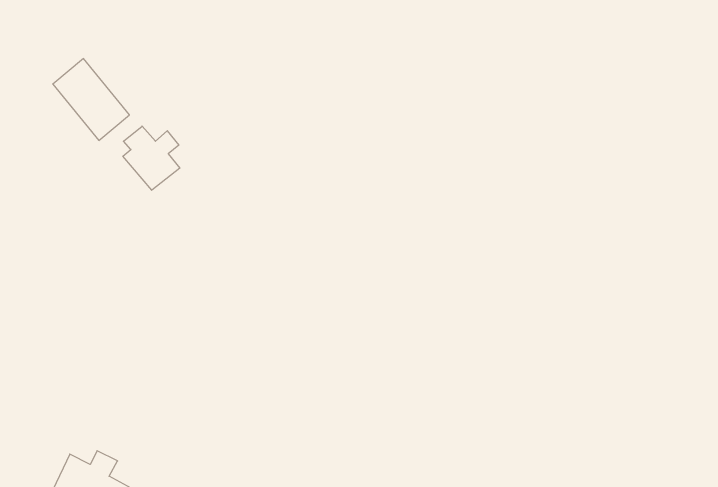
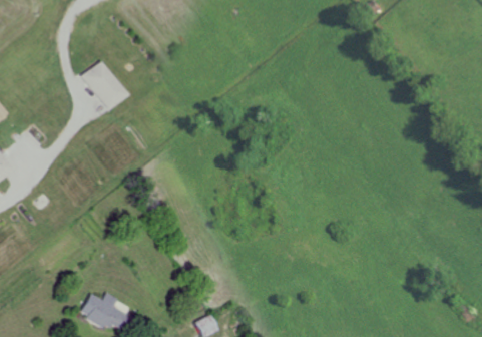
building: [123,126,180,190] -> none

